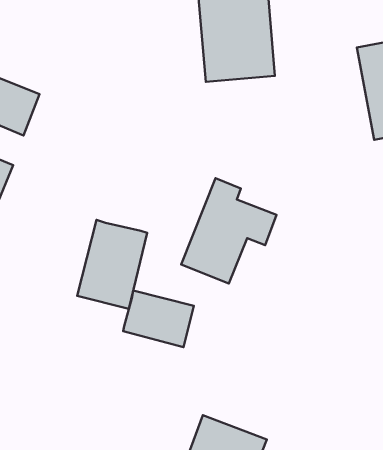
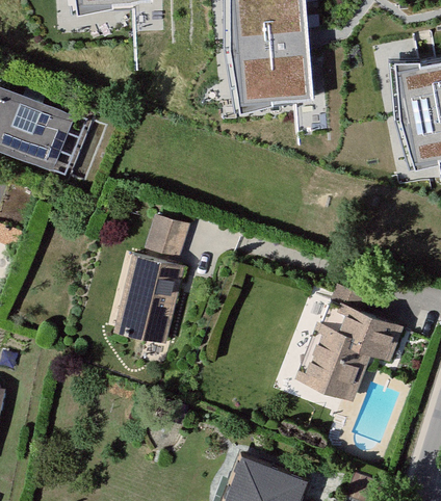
building: [181,178,276,284] -> [300,288,397,396]
building: none -> [139,212,187,263]
building: [123,291,194,347] -> none

